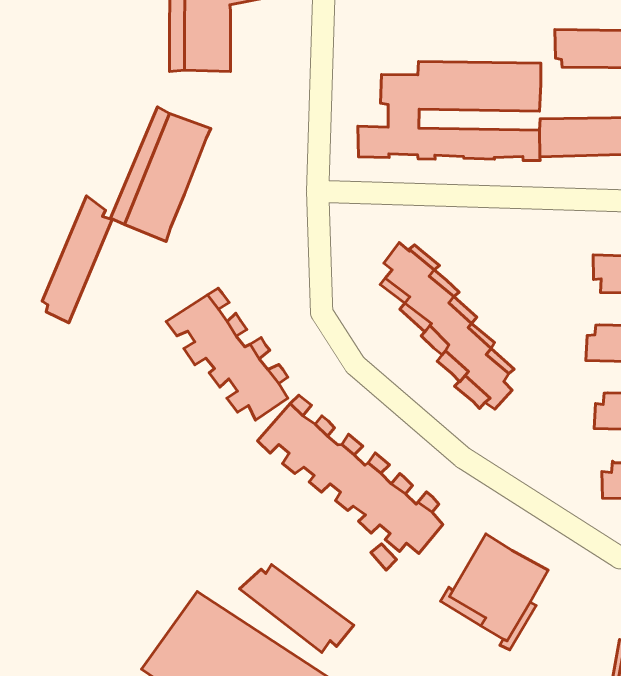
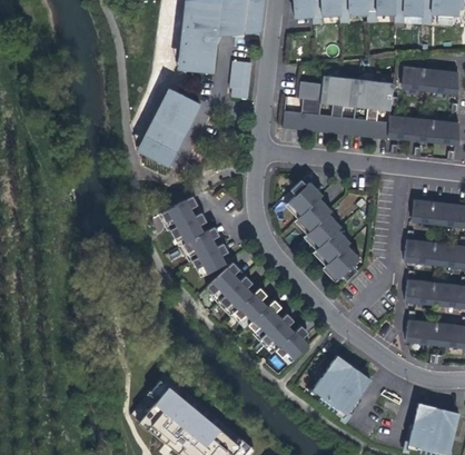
building: none -> [230,60,251,99]
building: [42,196,112,323] -> none
building: [239,565,354,652] -> none

